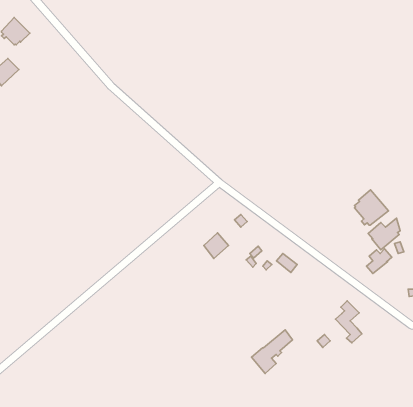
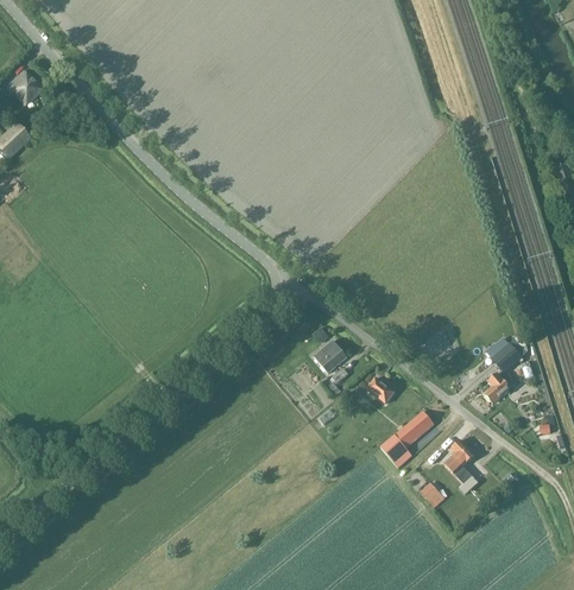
building: [354,190,388,225] -> none
building: [204,233,228,258] -> [314,340,346,373]
building: [252,330,293,374] -> [379,411,433,468]

